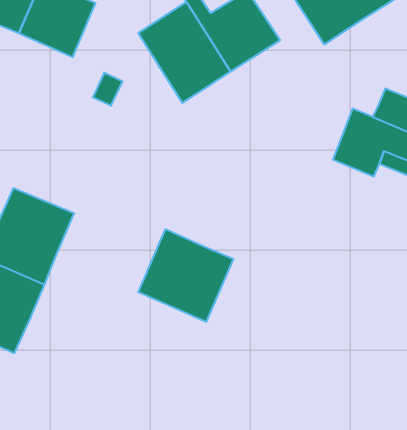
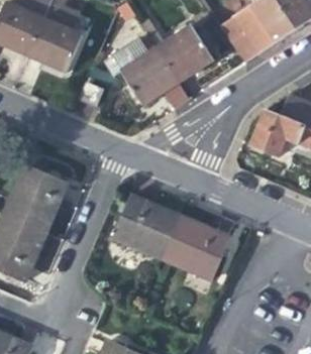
building: none -> [162,215,231,280]

